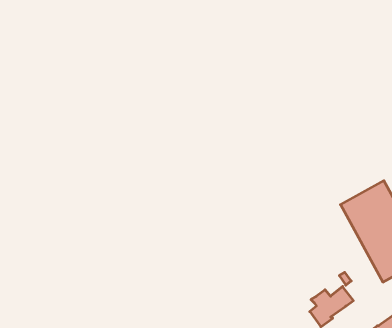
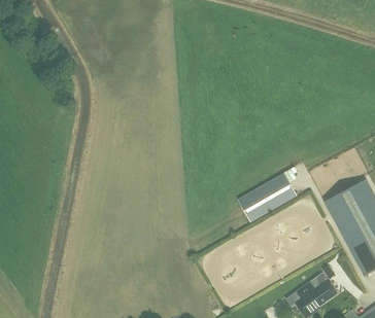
building: none -> [238,172,296,220]

